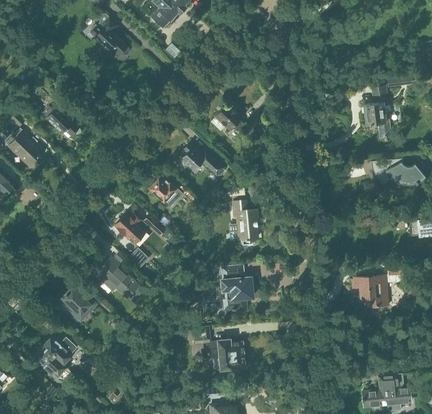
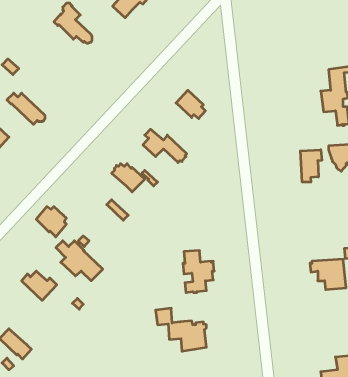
building: none -> [300,150,322,182]
building: [232,202,258,248] -> none
building: [115,214,146,245] -> [36,207,66,237]
building: [44,337,78,366] -> none

